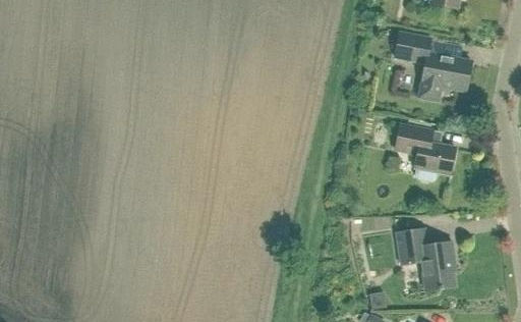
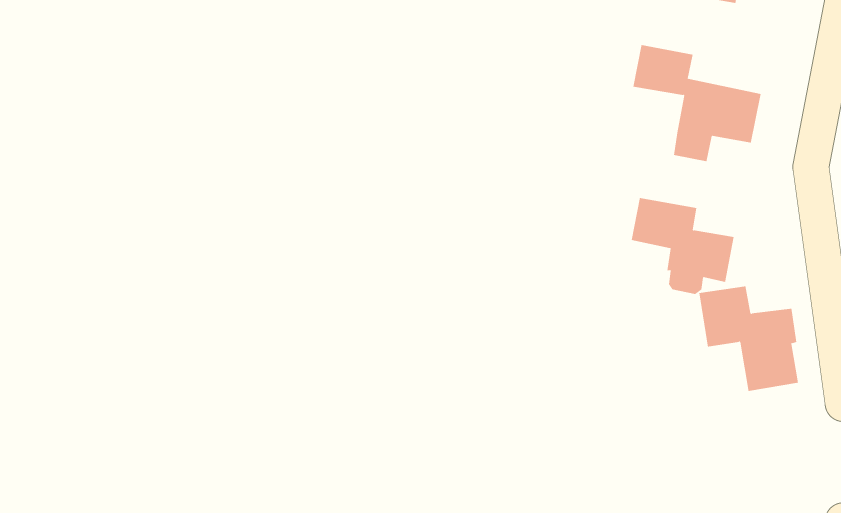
building: [396,228,456,291] -> [699,286,799,391]

